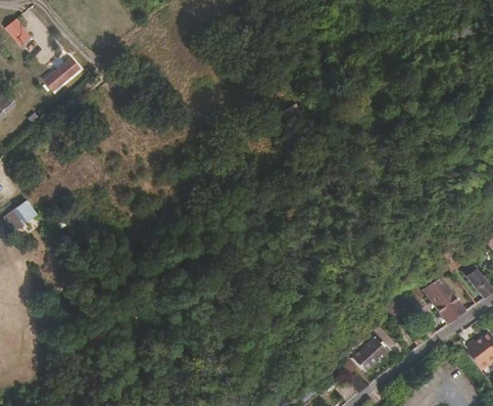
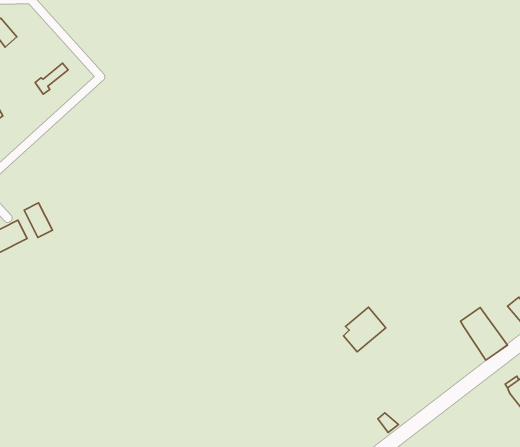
building: none -> [24,203,52,238]
building: [351,331,389,371] -> [343,307,386,352]

